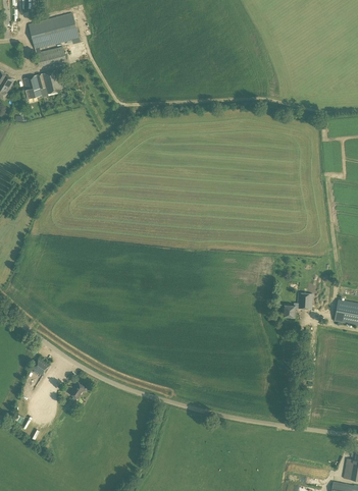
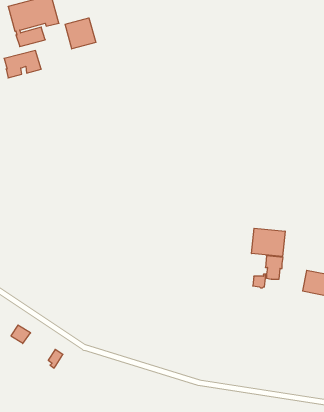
building: none -> [65,18,96,49]
building: none -> [252,228,285,256]

